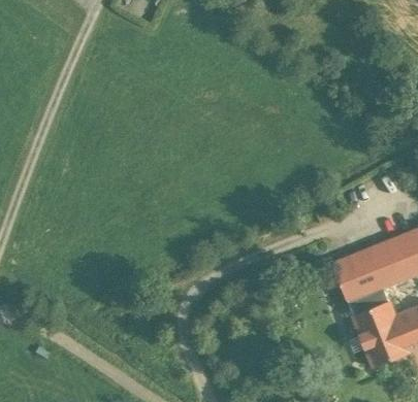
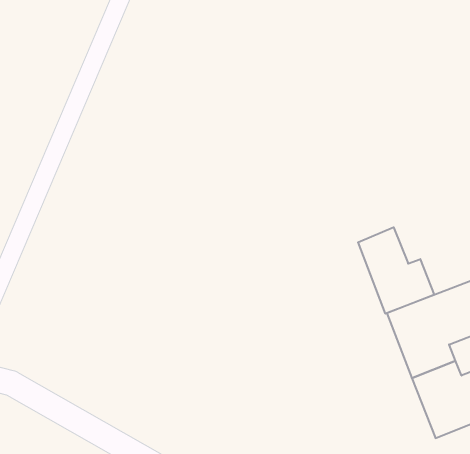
building: none -> [358,227,434,314]

